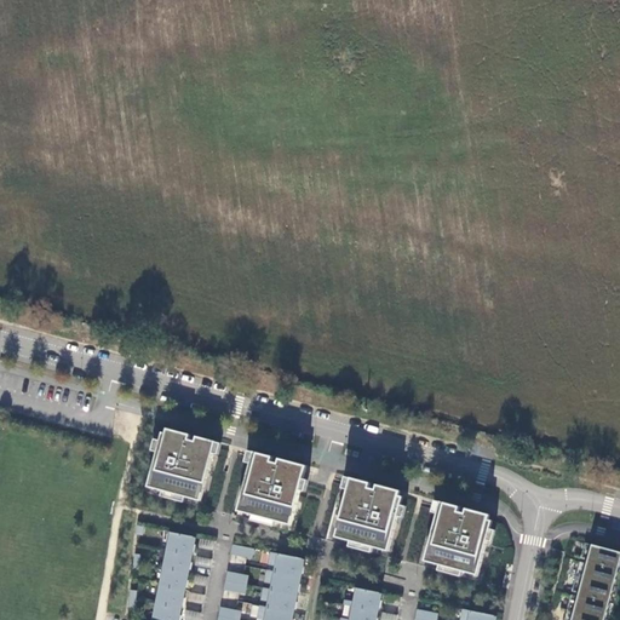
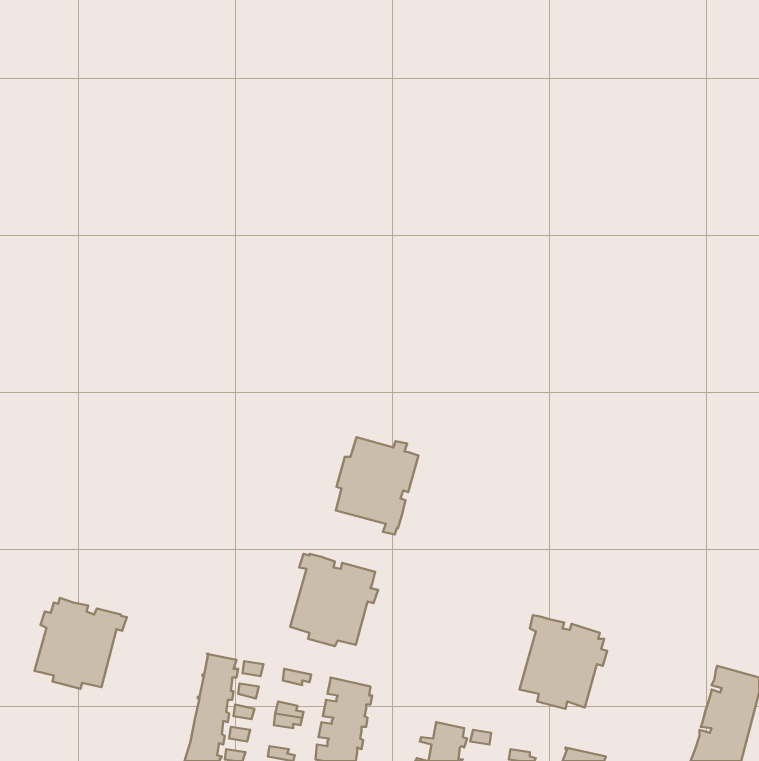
building: none -> [336,437,418,534]
building: [145,427,220,501] -> [34,598,127,689]
building: [334,476,404,552] -> none

